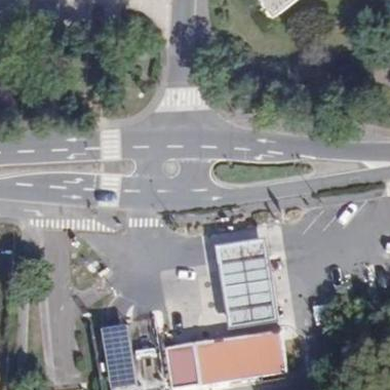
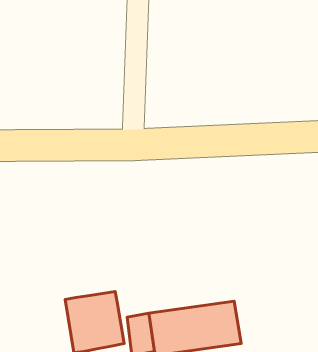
building: [216,240,279,332] -> none

